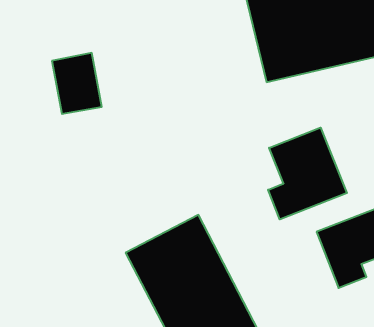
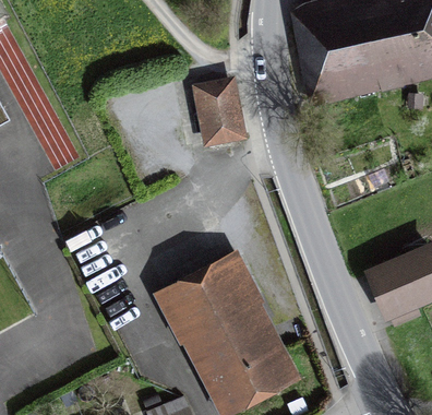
building: [52,53,102,114] -> [192,78,247,144]
building: [268,128,347,219] -> none

